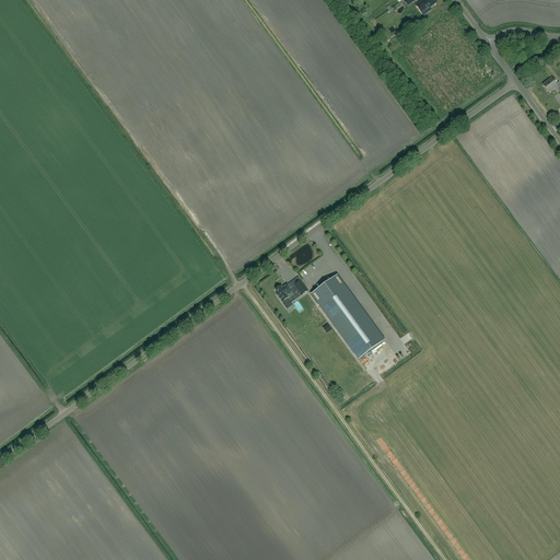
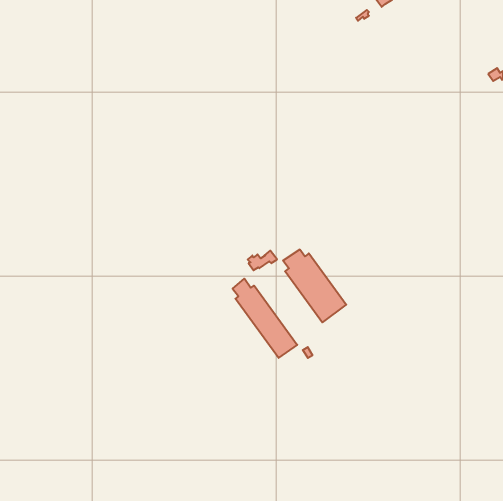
building: none -> [233,279,297,358]

